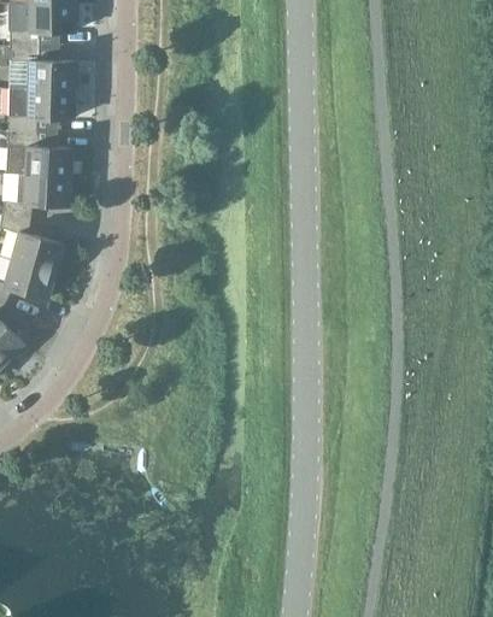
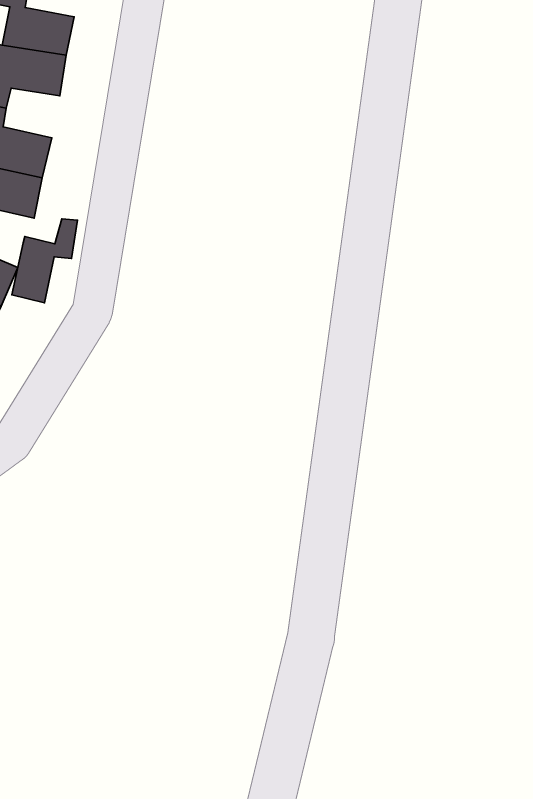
building: none -> [12,219,78,303]

